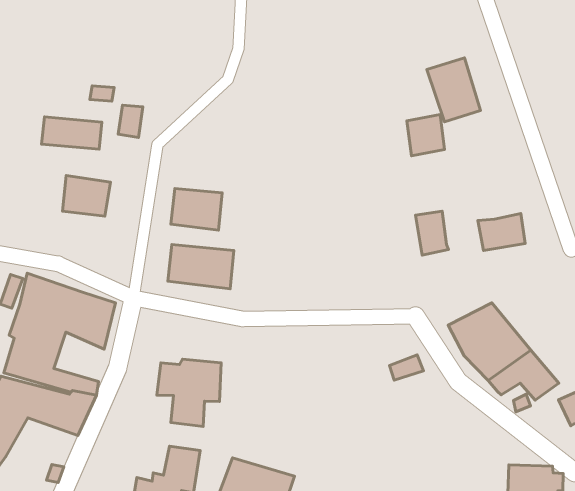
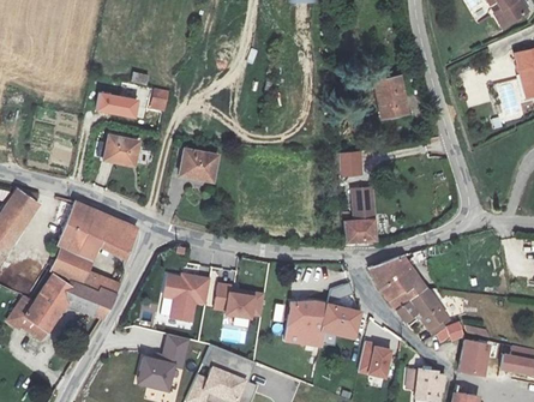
building: [407,115,445,156] -> [337,150,362,178]
building: [478,214,525,250] -> [347,210,379,234]
building: [168,245,234,289] -> none
building: none -> [214,282,263,318]
building: none -> [286,301,361,347]
building: none -> [359,338,395,378]

